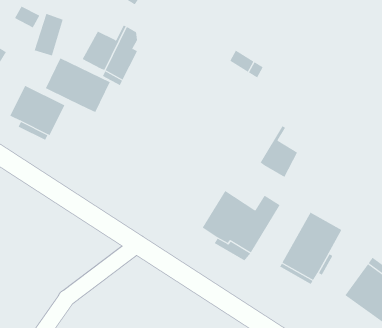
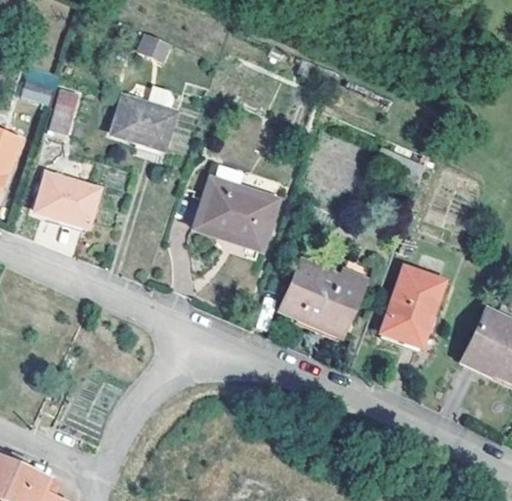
building: [45,57,111,113] -> none
building: none -> [194,176,278,243]
building: [260,125,298,178] -> none

